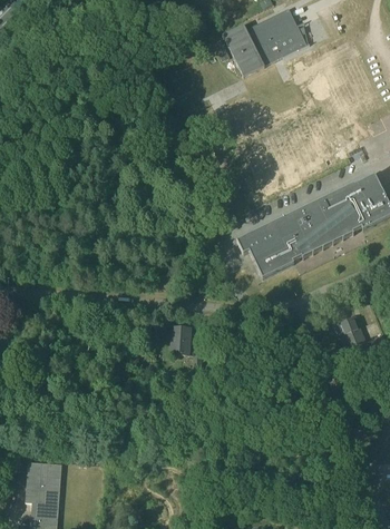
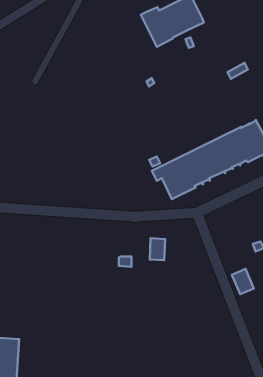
building: [337,315,365,349] -> [232,269,254,294]
building: [170,325,191,354] -> [150,238,165,260]

